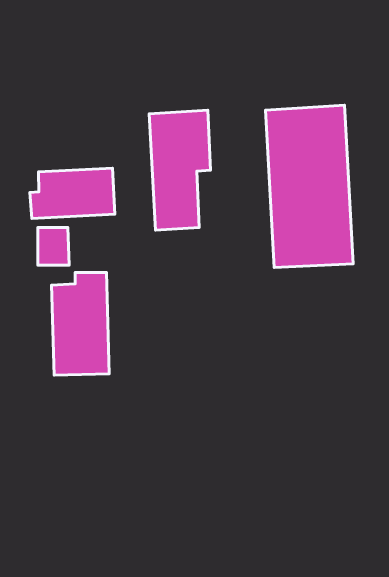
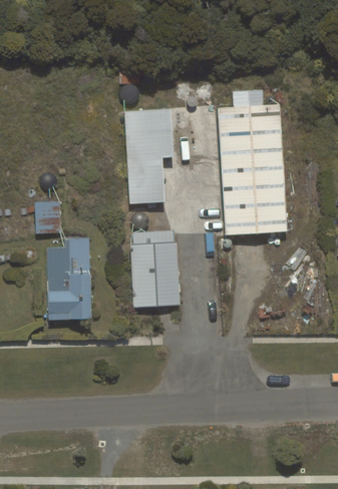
building: [30,168,115,219] -> none
building: none -> [129,230,180,307]

